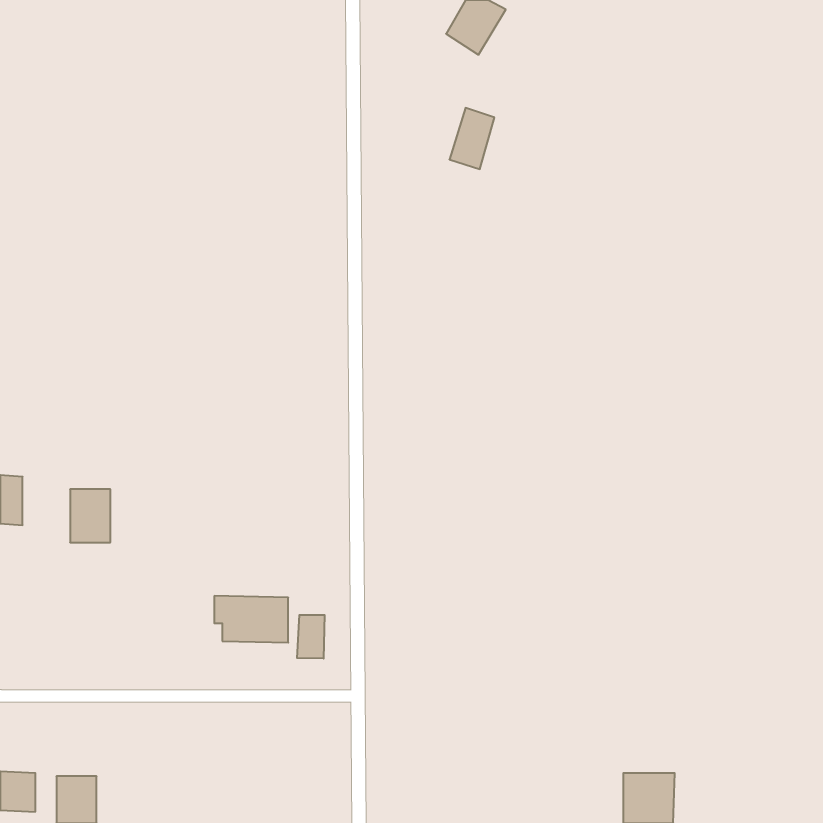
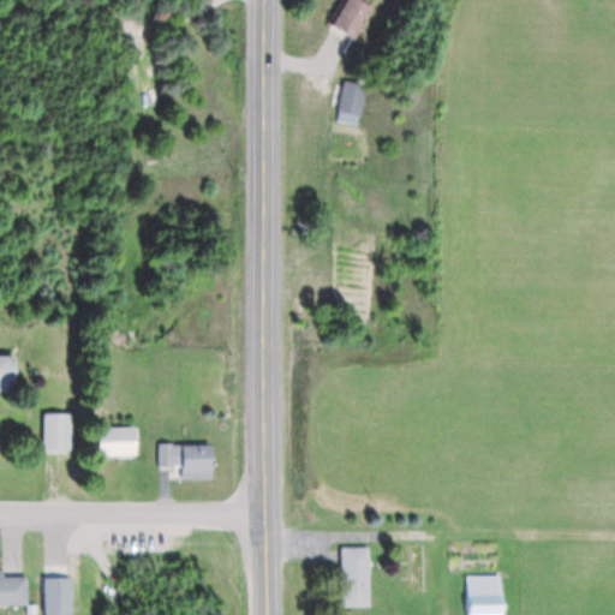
building: [70,489,110,542] -> [42,414,72,454]
building: none -> [101,428,138,458]
building: [297,615,325,659] -> none
building: none -> [339,548,369,607]

